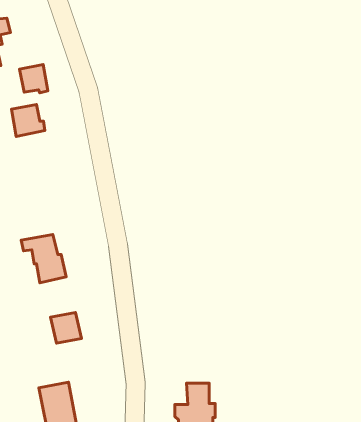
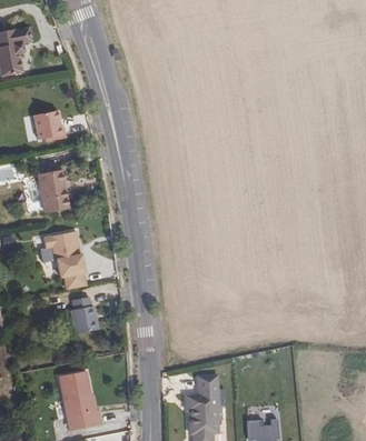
building: [20,64,48,93] -> none
building: none -> [37,170,68,212]

